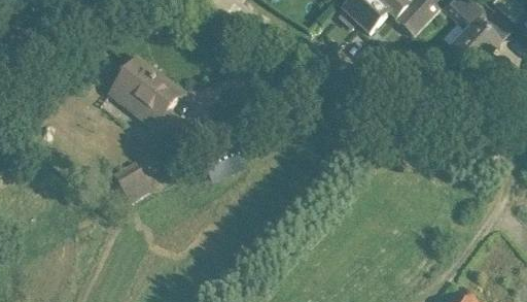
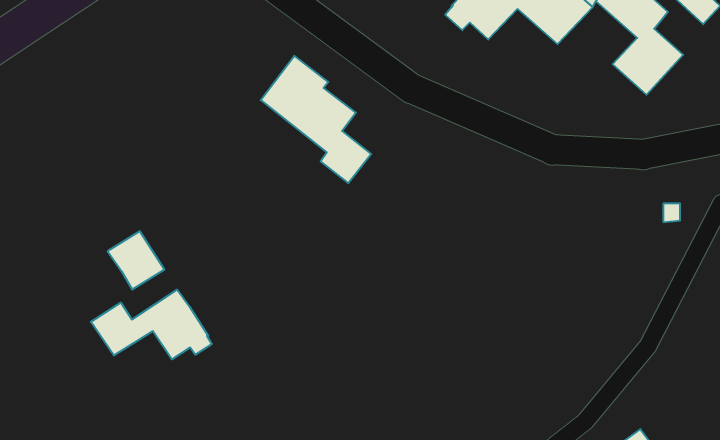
building: [112,57,186,142] -> [261,56,371,183]
building: none -> [91,290,212,359]

